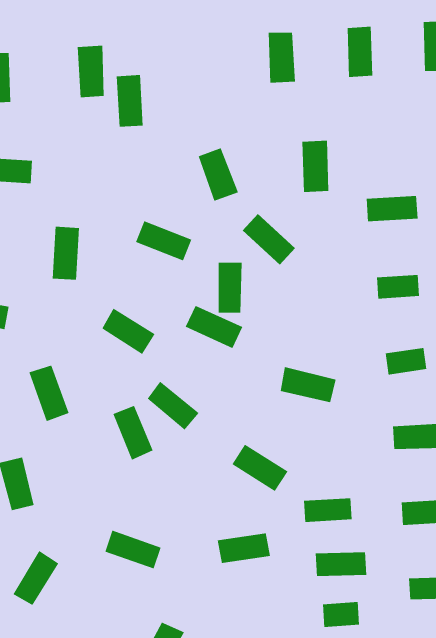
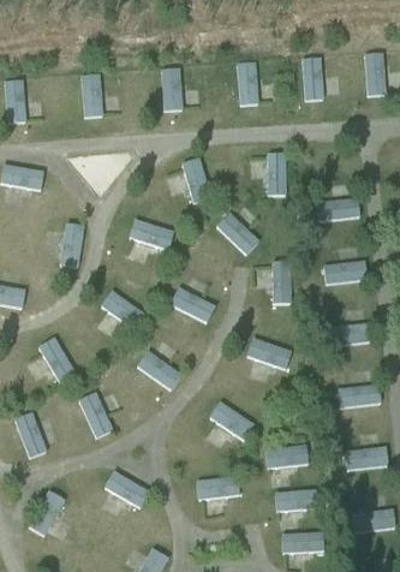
building: [116,75,144,127] -> [160,67,183,111]
building: [218,262,243,313] -> [271,261,292,303]
building: [113,405,153,461] -> [78,392,112,437]

